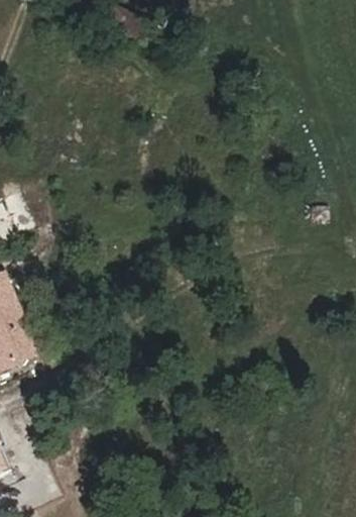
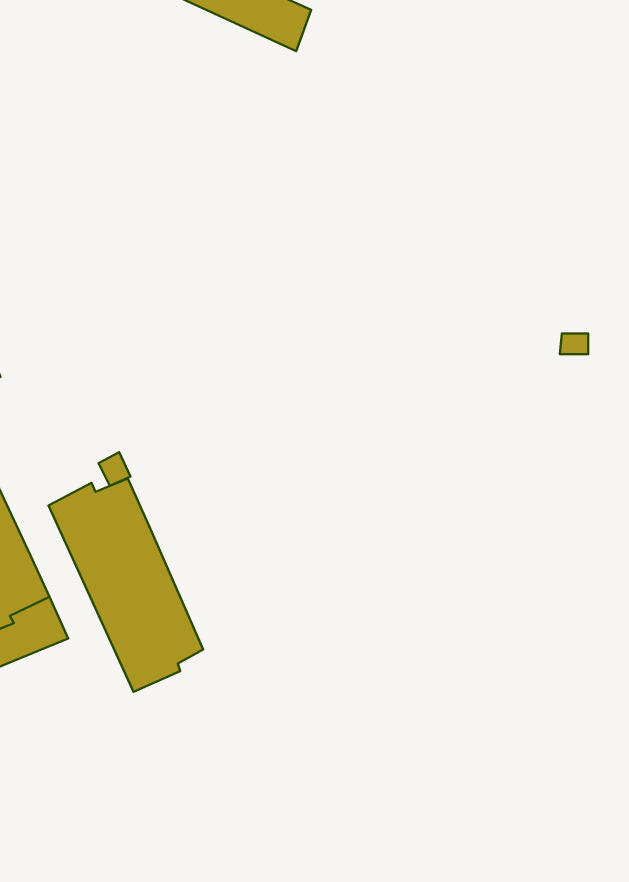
building: none -> [49,478,203,692]

